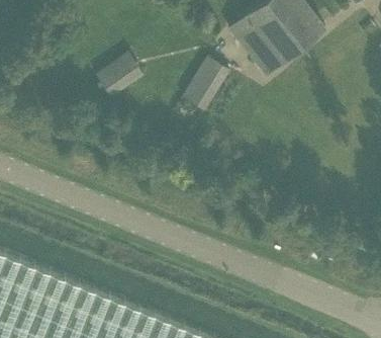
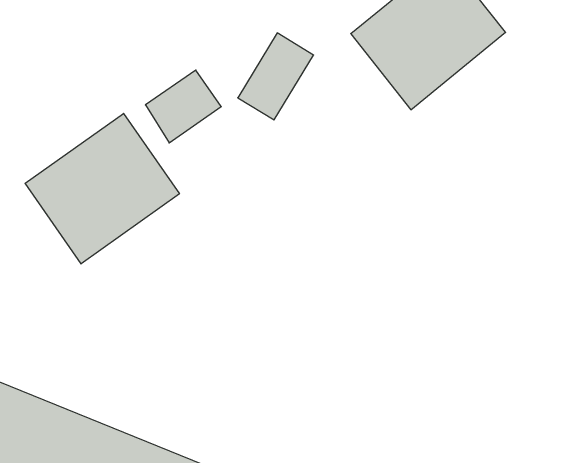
building: [181,58,229,113] -> [238,33,314,120]
building: none -> [25,113,179,264]

